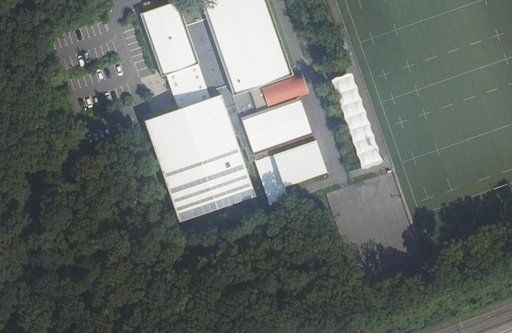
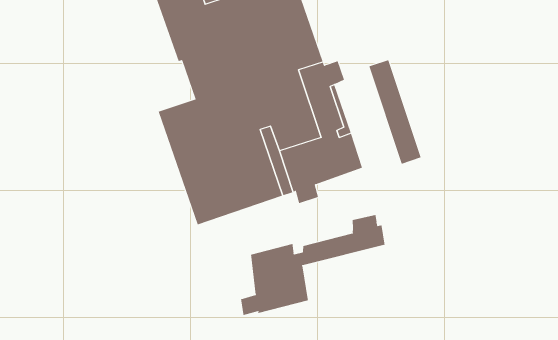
building: none -> [241,214,385,316]

